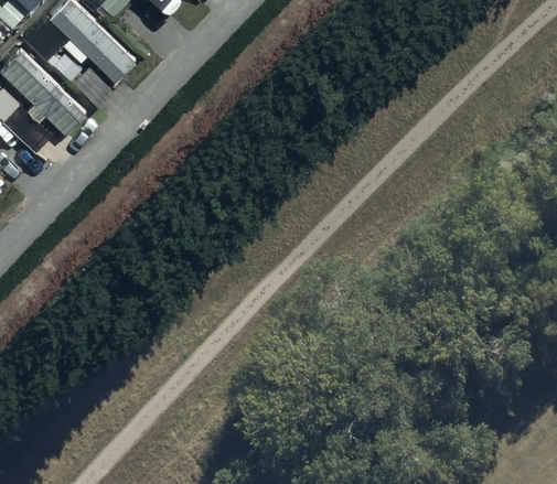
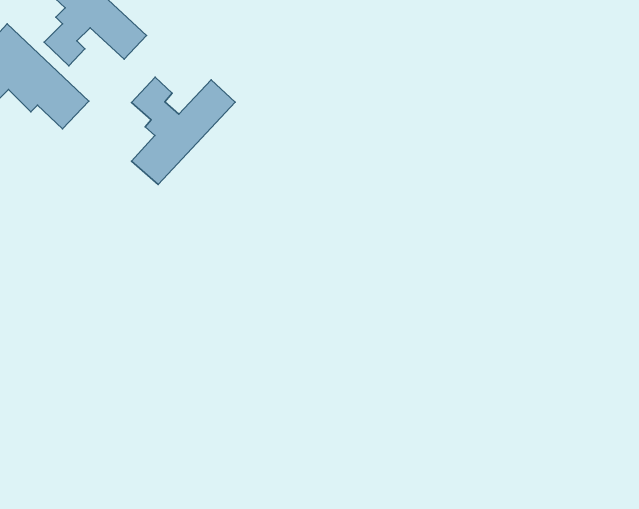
building: none -> [131,77,235,185]

